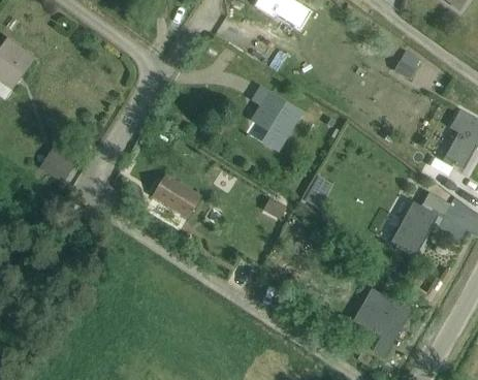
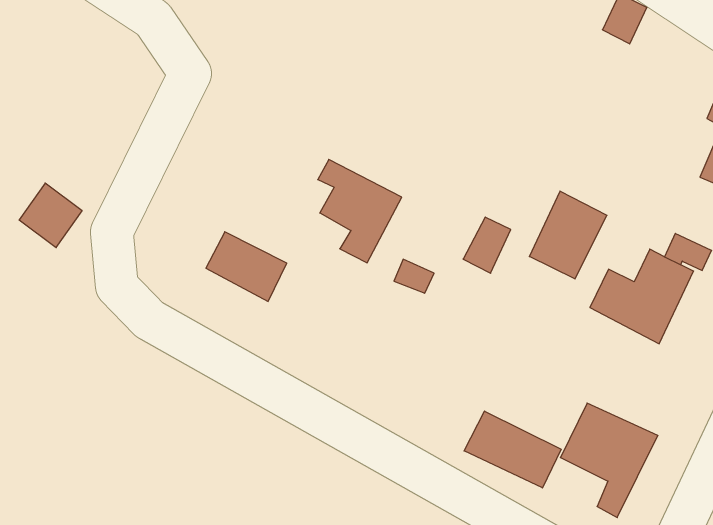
building: [253,88,301,150] -> [318,159,402,263]
building: none -> [529,191,607,279]
building: none -> [464,411,561,488]

